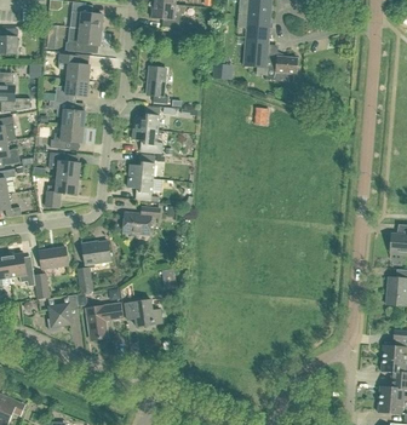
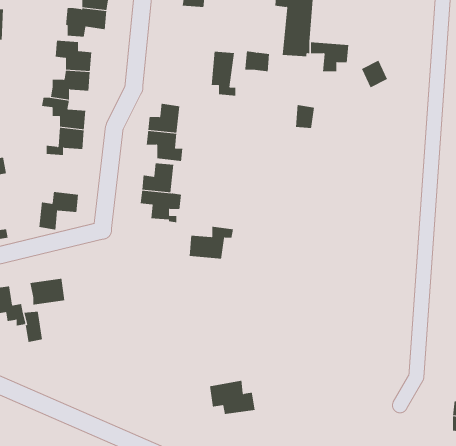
building: [147,67,167,103] -> [211,51,236,96]
building: [47,153,80,179] -> none
building: [122,207,159,234] -> [189,226,234,259]
building: [76,241,110,292] -> none
building: [46,294,78,329] -> none
building: [125,298,162,326] -> [209,380,255,415]
building: [87,304,121,339] -> none

